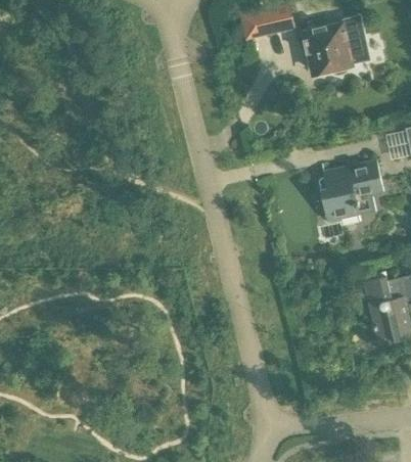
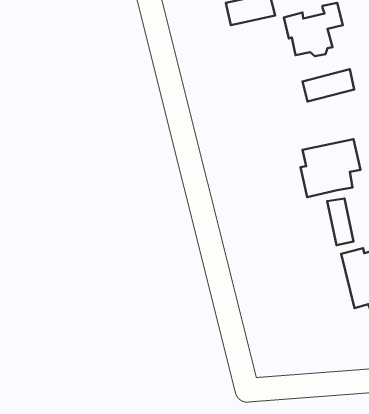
building: none -> [302,69,354,101]
building: none -> [327,198,354,245]

